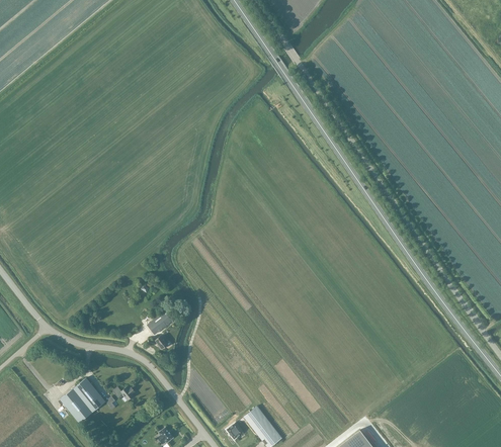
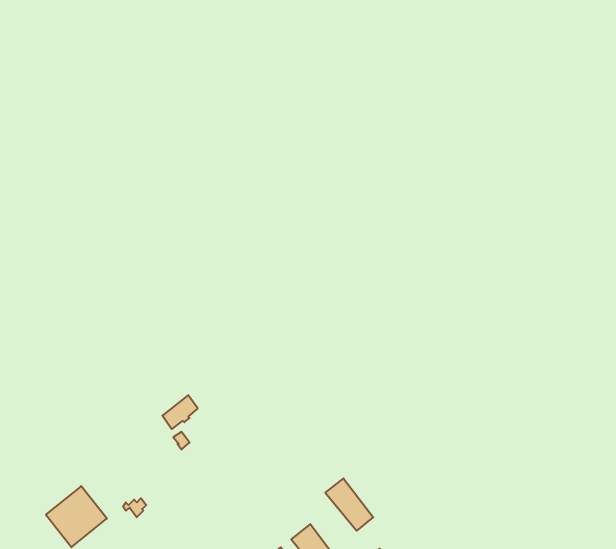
building: none -> [325,478,373,531]

